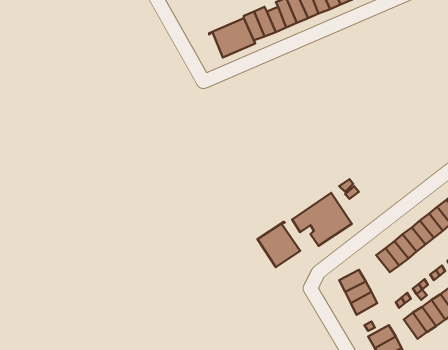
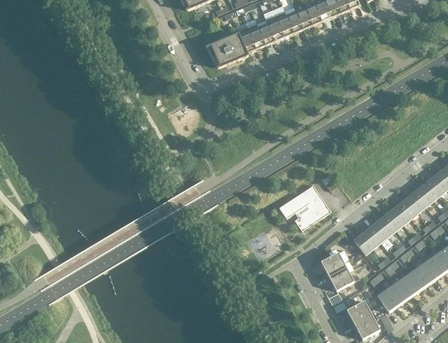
building: [258,222,300,267] -> none

